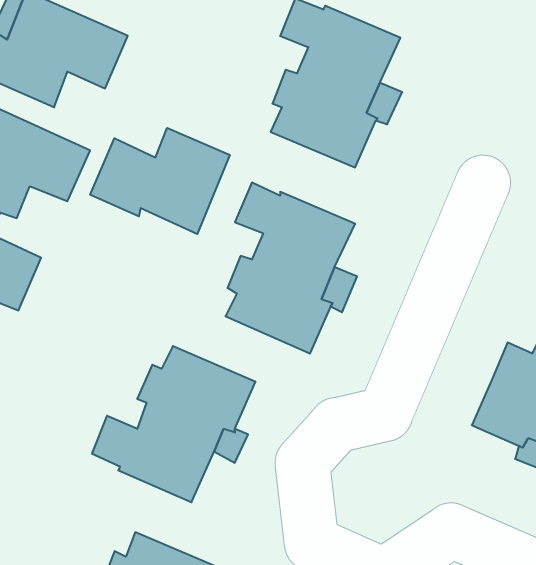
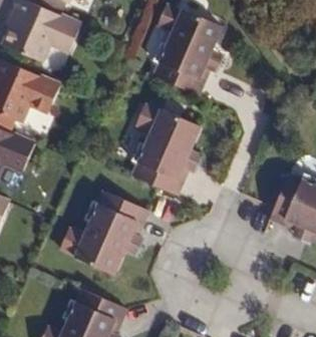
building: [90,128,230,234] -> none

